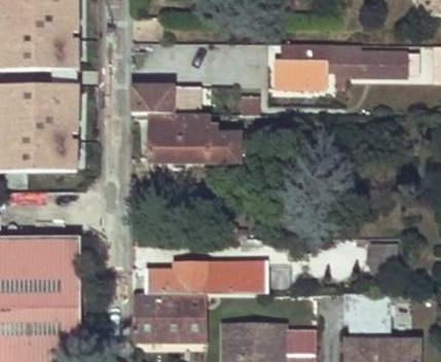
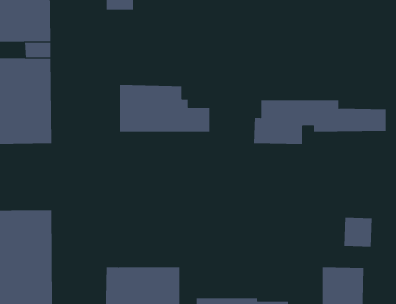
building: [274,43,407,87] -> [253,100,387,145]
building: [130,84,198,113] -> none
building: [145,263,267,293] -> none

